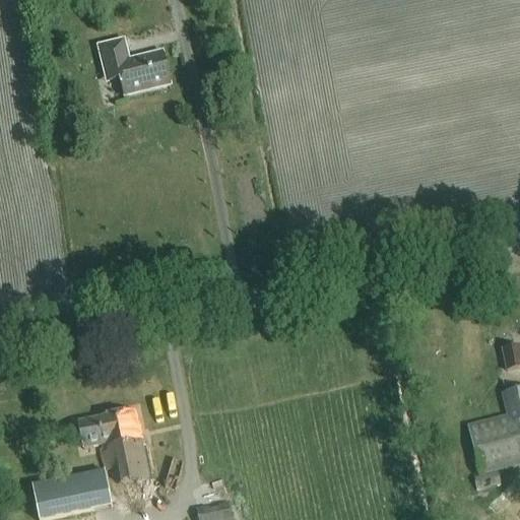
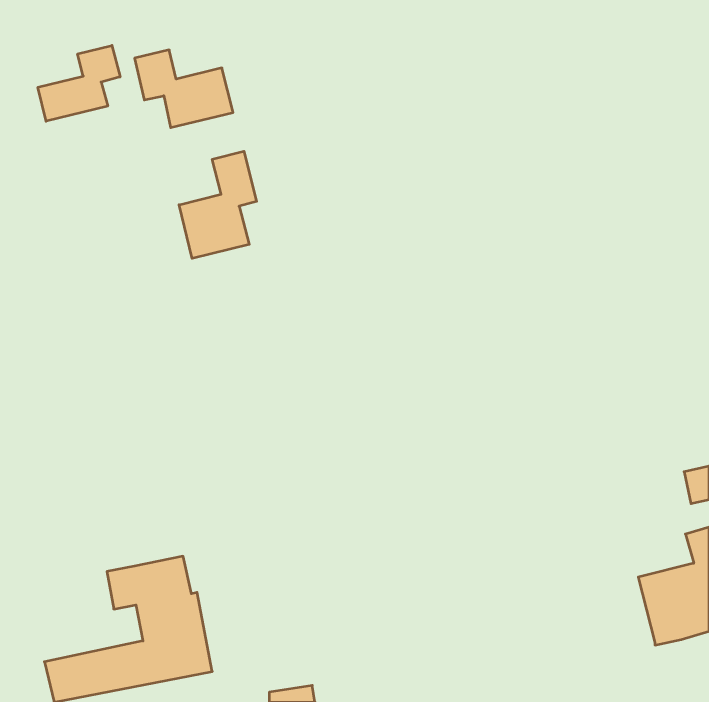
building: none -> [38,45,120,121]
building: none -> [179,151,257,258]

